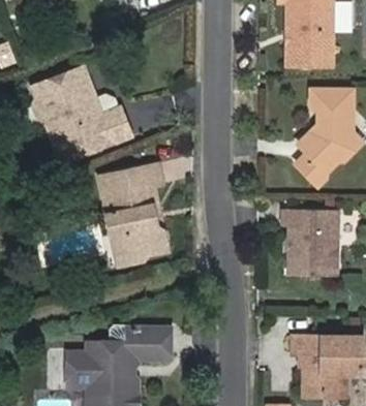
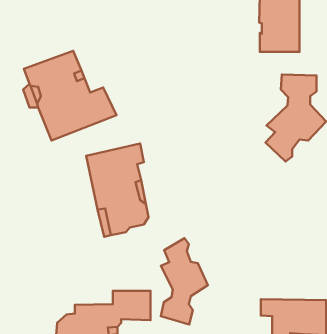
building: [282,209,337,276] -> none
building: none -> [161,238,208,325]

